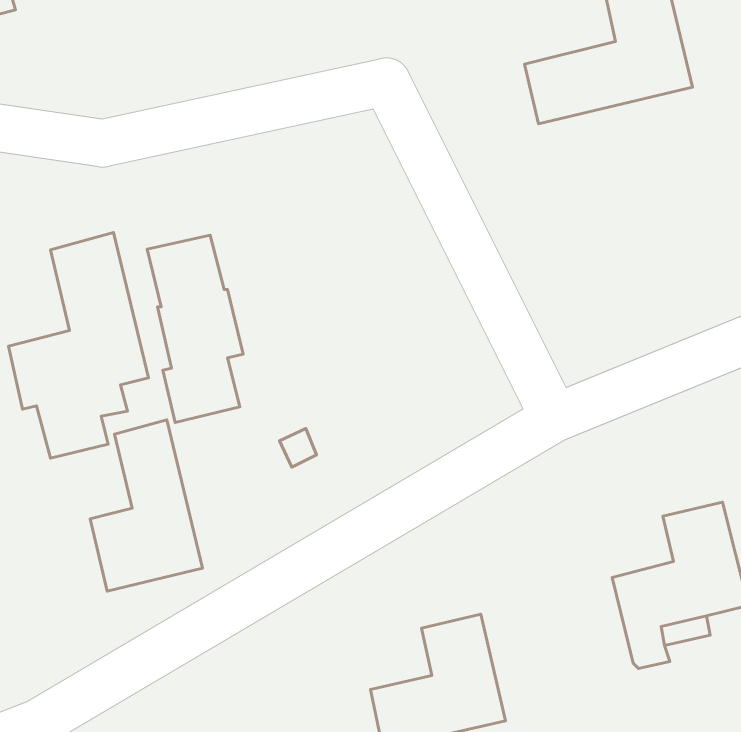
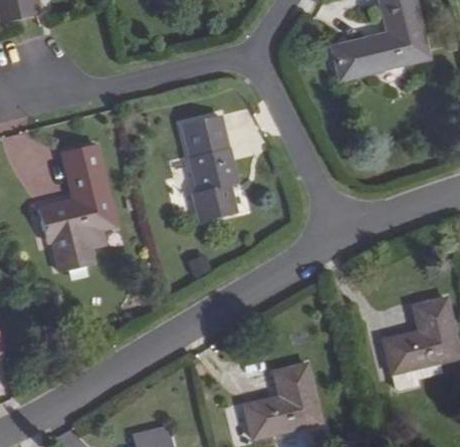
building: [147,235,243,423] -> [183,115,238,222]
building: [90,420,203,591] -> none

